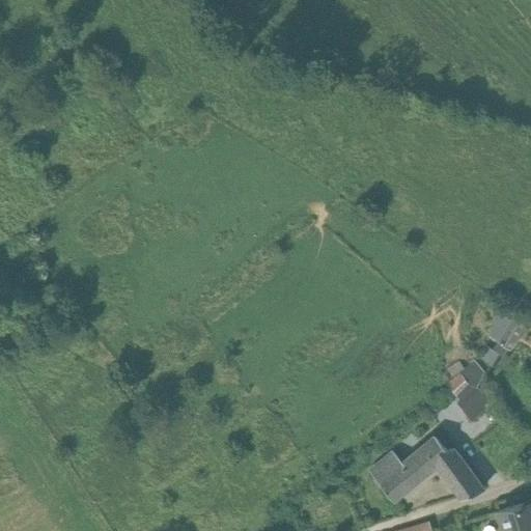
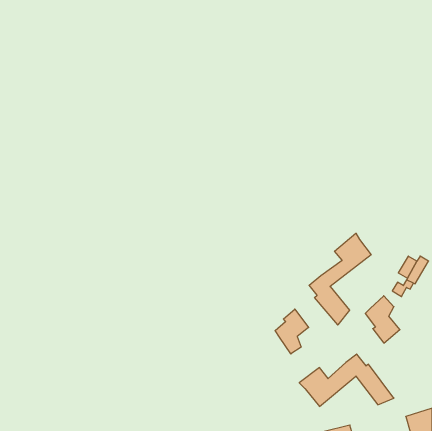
building: none -> [309,233,371,325]
building: none -> [275,309,309,354]

